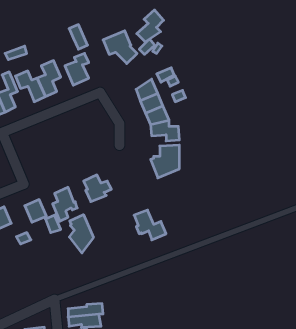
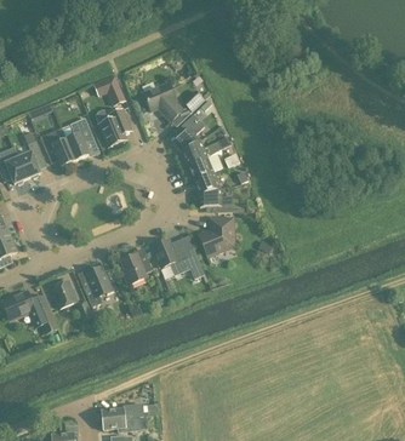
building: [137,10,164,42] -> [172,114,204,151]
building: [134,210,166,240] -> [153,239,190,274]
building: [69,215,93,253] -> none

